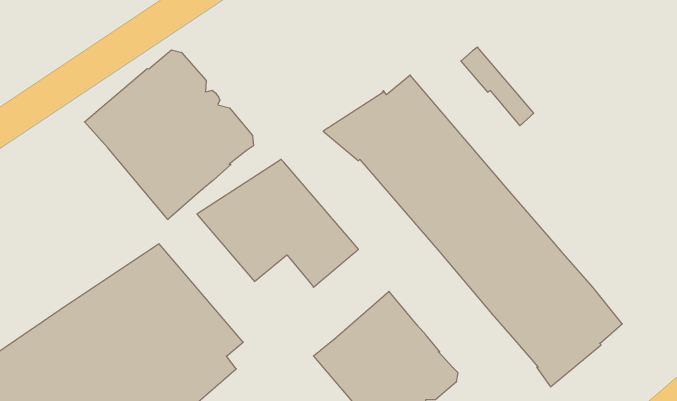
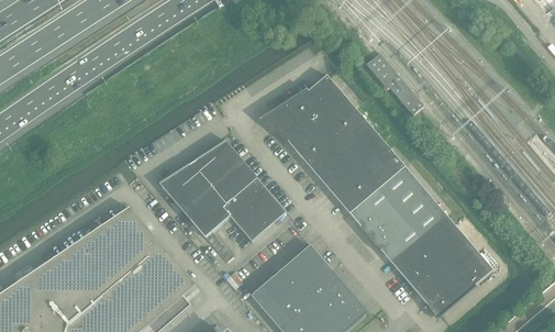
building: [84,50,254,220] -> none

